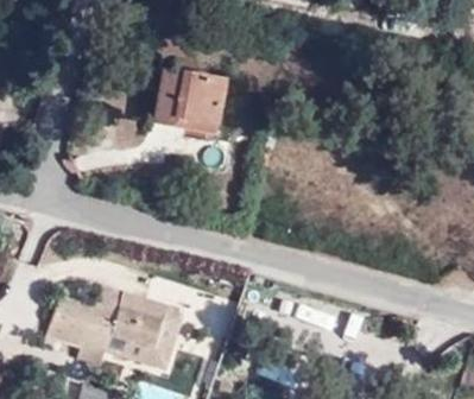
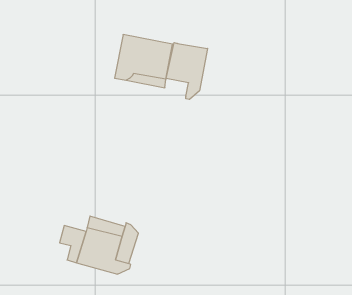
building: none -> [166,43,208,99]
building: [46,297,99,349] -> none

